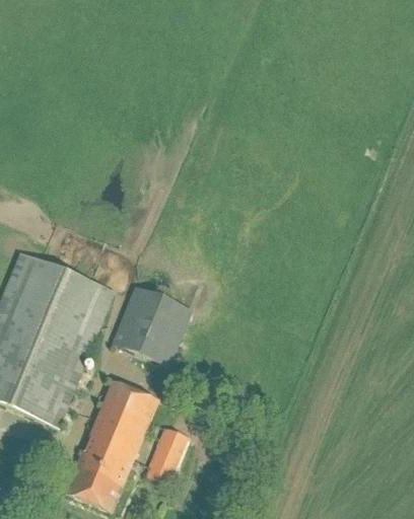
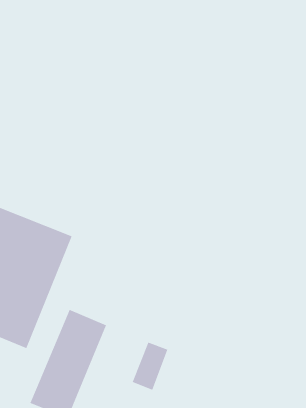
building: [112,285,193,365] -> none
building: [145,427,189,486] -> [132,342,168,391]

